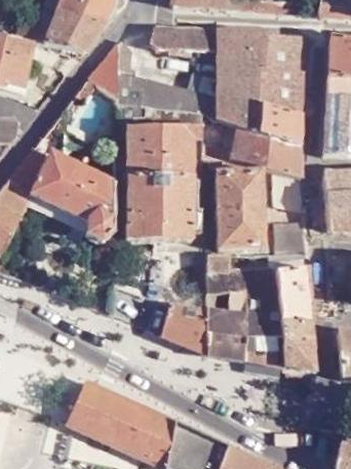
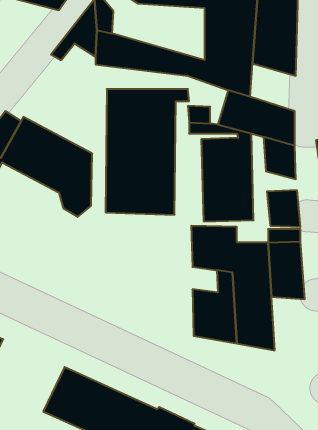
building: [261,102,303,146] -> none
building: [162,303,208,353] -> none
building: [280,317,314,372] -> none

